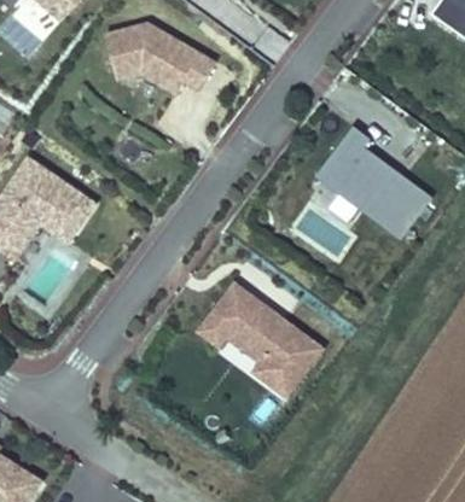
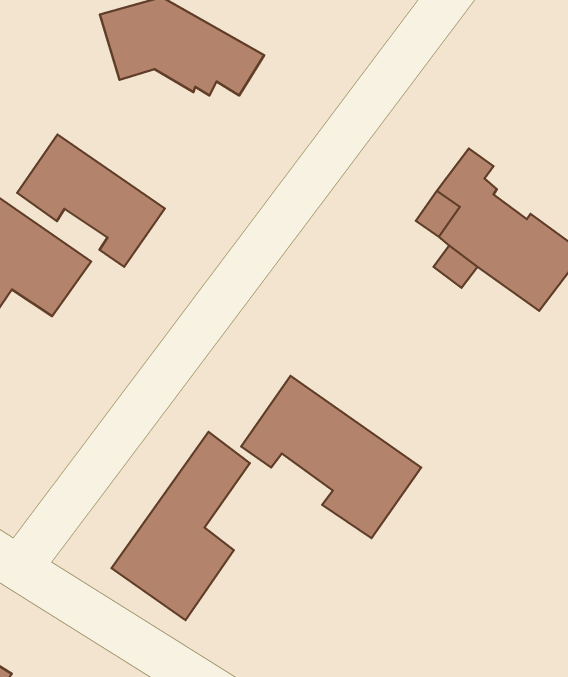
building: none -> [17,135,165,267]
building: none -> [112,432,250,620]

